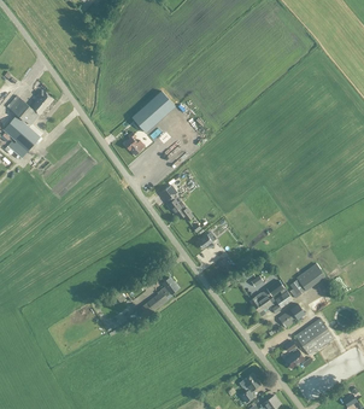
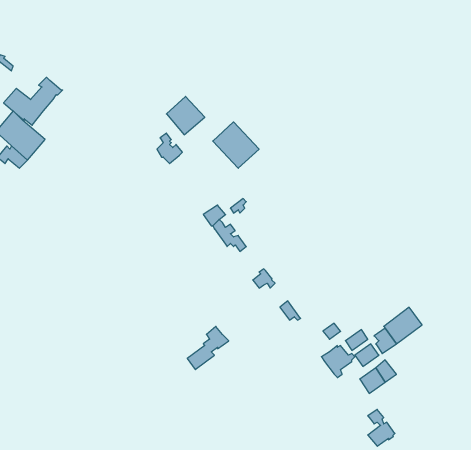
building: [294,316,334,354] -> none

